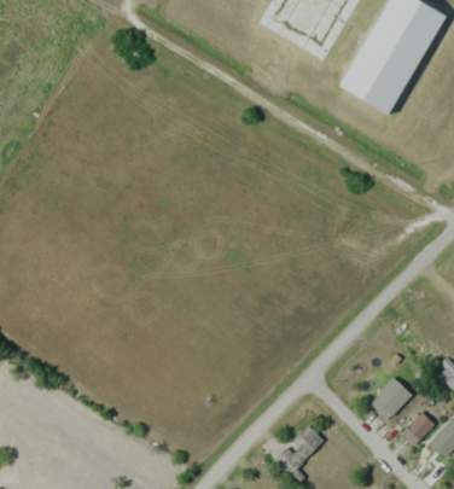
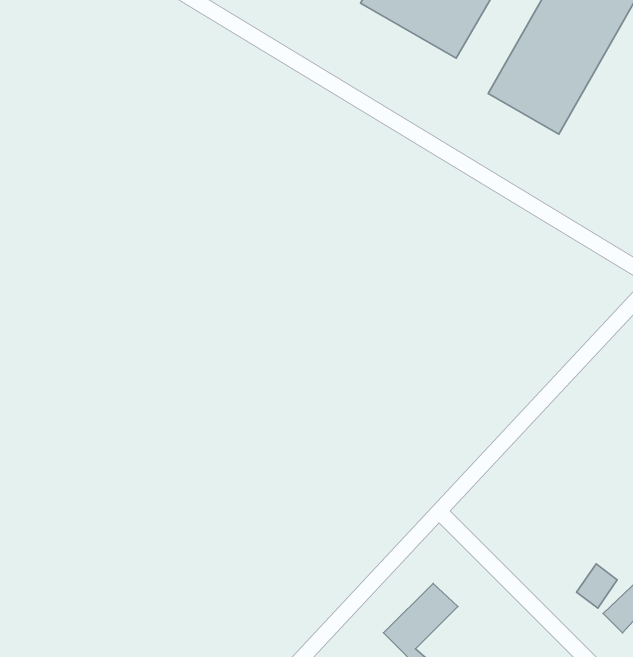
building: [369,373,411,414] -> none

